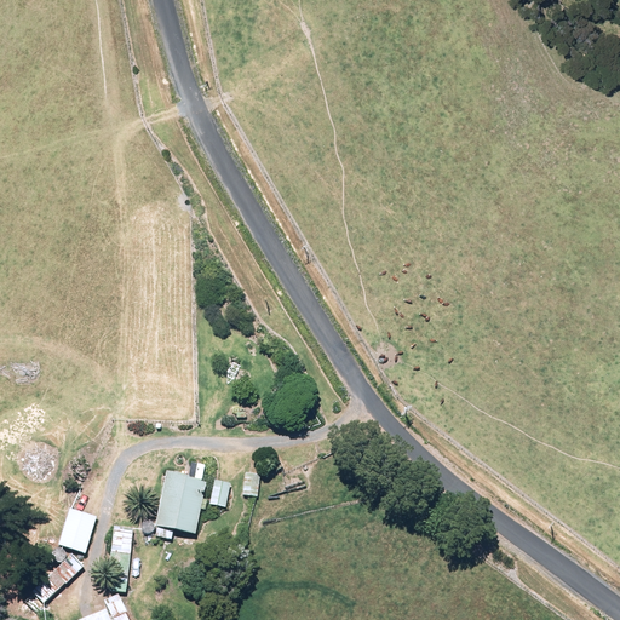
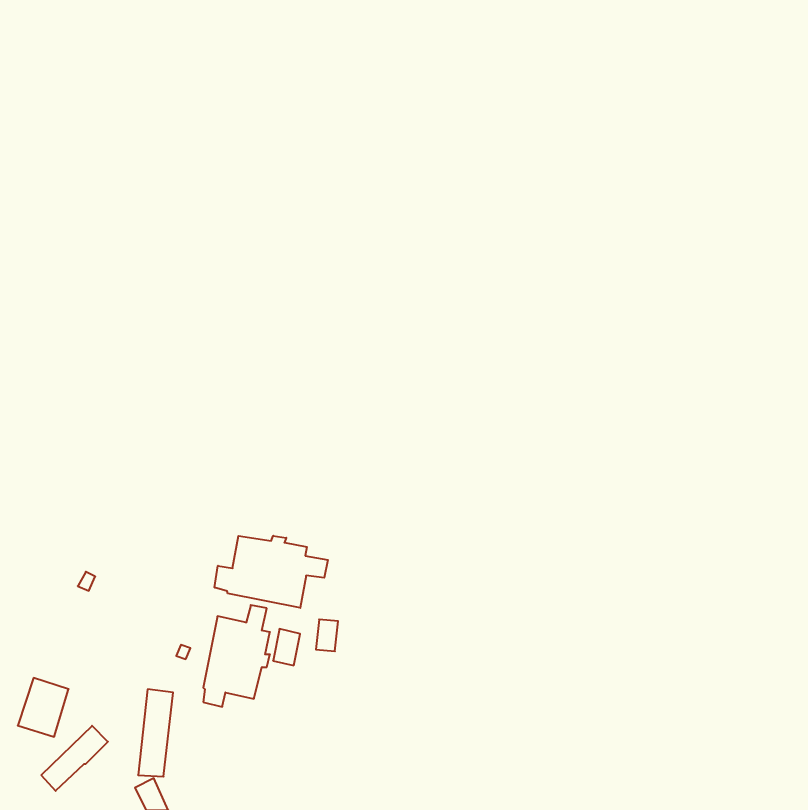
building: none -> [215,536,328,608]
building: [57,509,96,553] -> [18,678,69,737]

